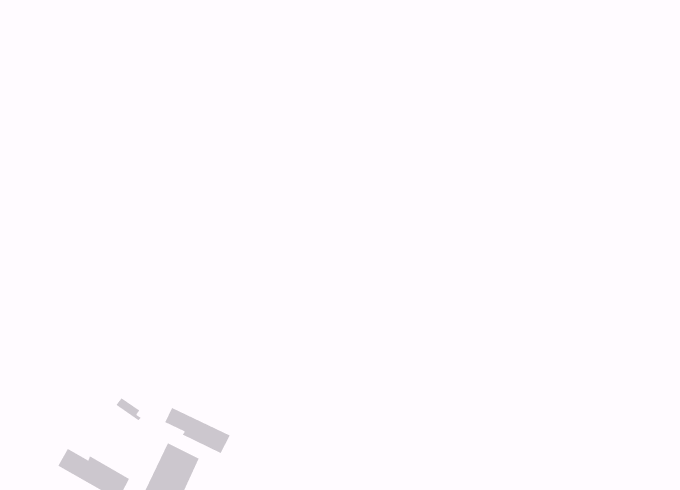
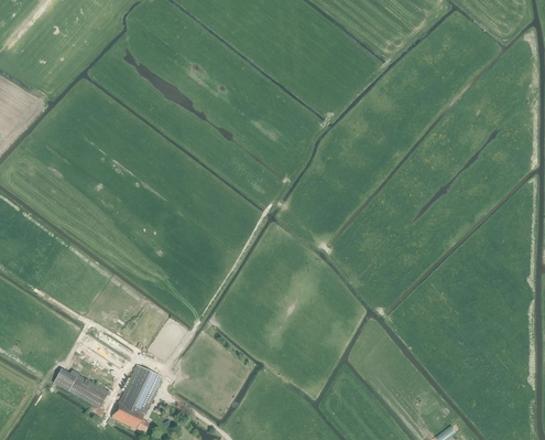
building: [165,407,231,454] -> none

